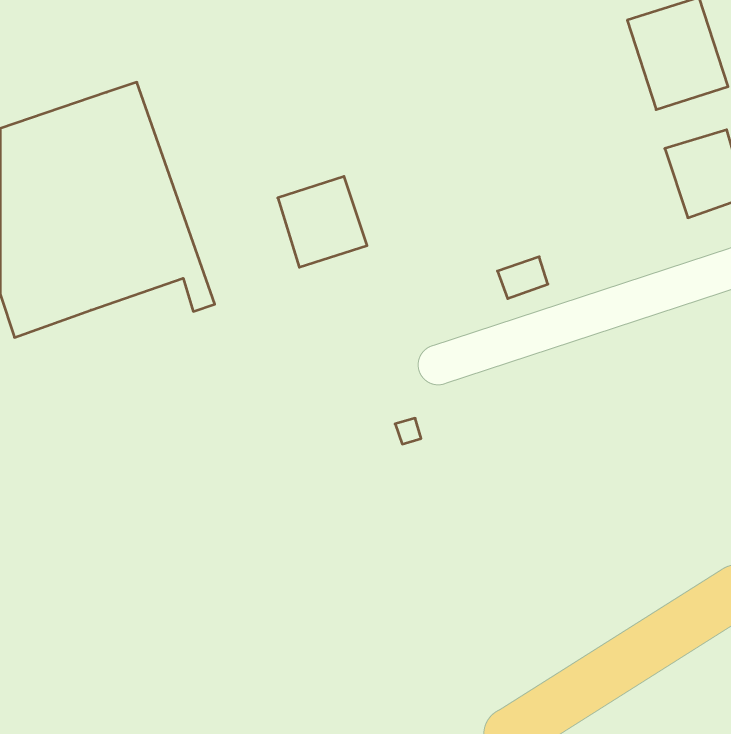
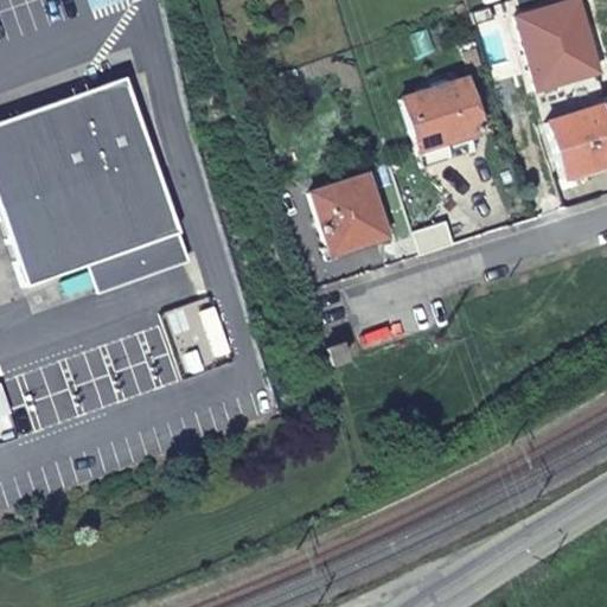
building: none -> [410,82,486,168]
building: [278,176,367,267] -> [315,180,389,255]
building: none -> [79,229,164,282]

